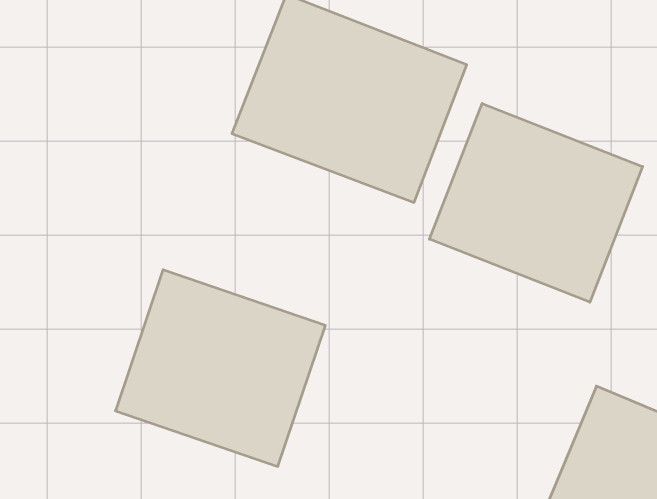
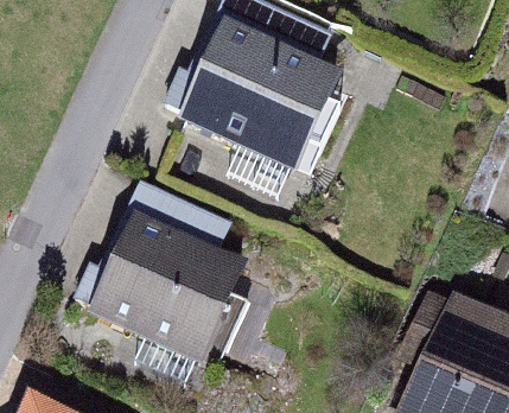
building: [429,103,643,302] -> none

